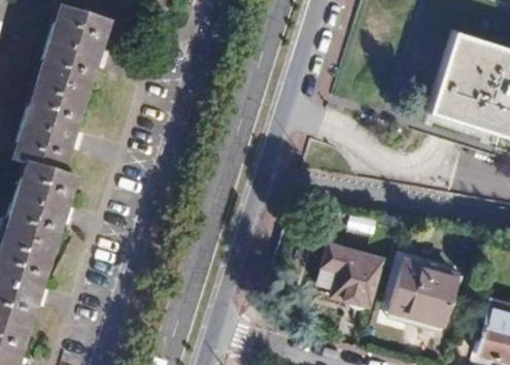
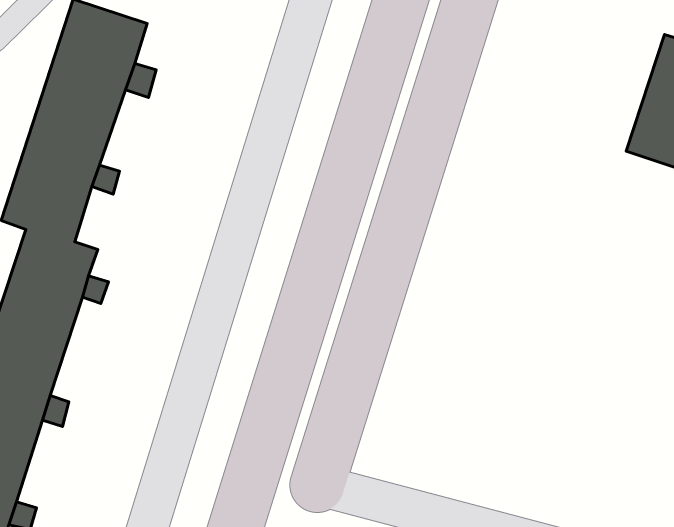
building: [318,251,378,308] -> none
building: [392,259,457,324] -> none

